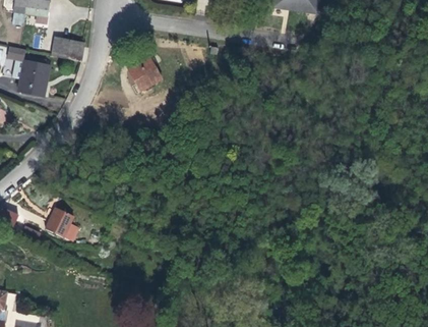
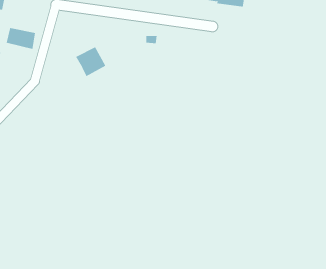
building: [47,209,73,237] -> none

